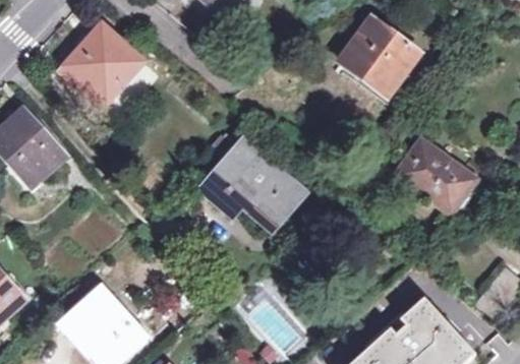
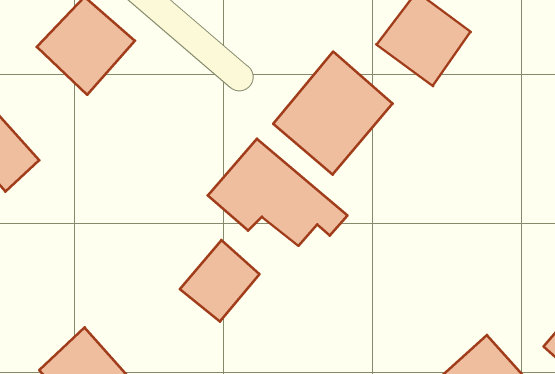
building: none -> [273,52,393,175]
building: [394,137,474,215] -> none
building: none -> [180,240,259,322]

